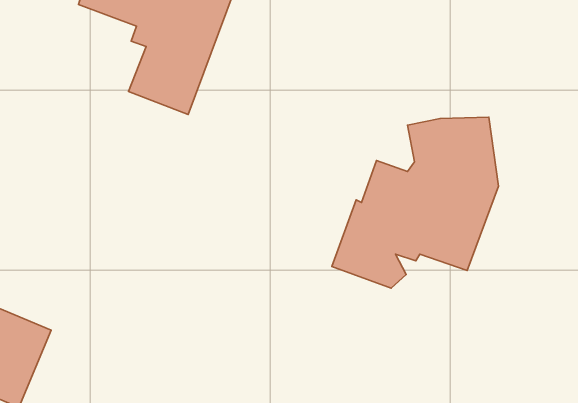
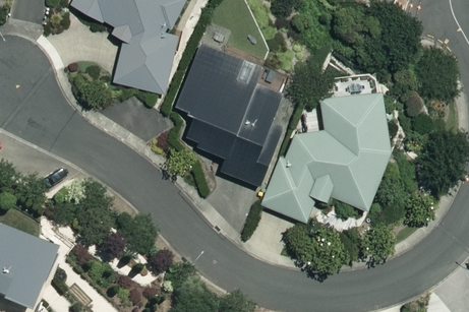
building: none -> [176,22,293,185]

